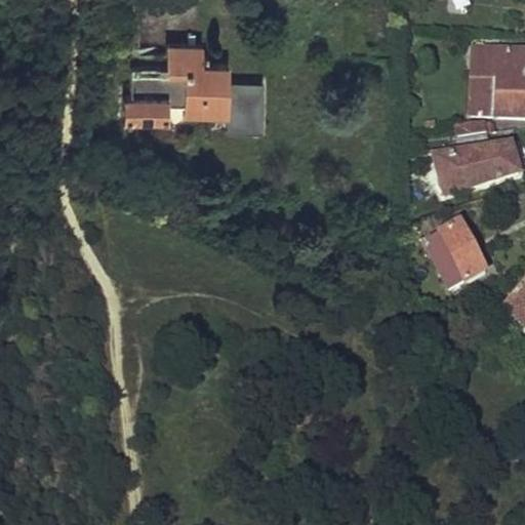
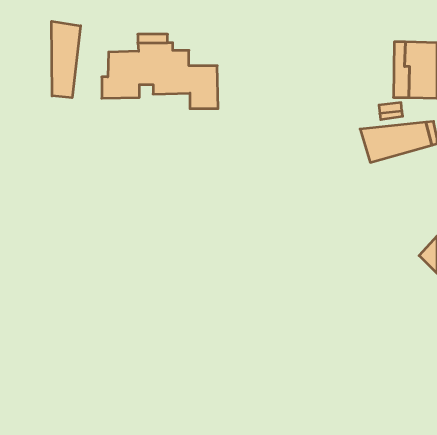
building: none -> [52,21,81,98]
building: [426,220,487,288] -> none

